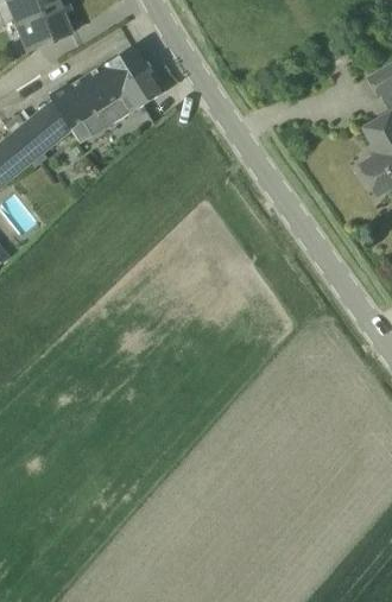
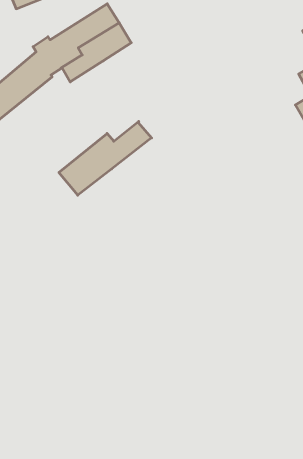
building: none -> [59,121,152,195]

